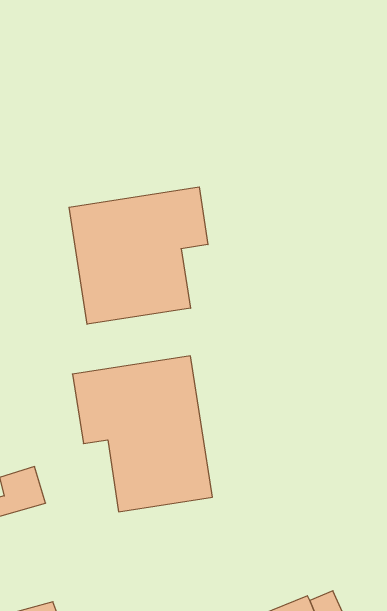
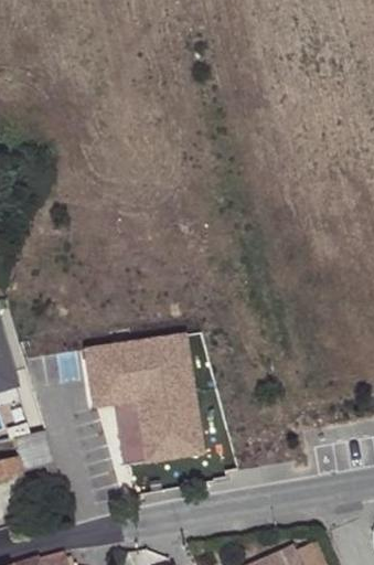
building: [69,187,208,324] -> none

